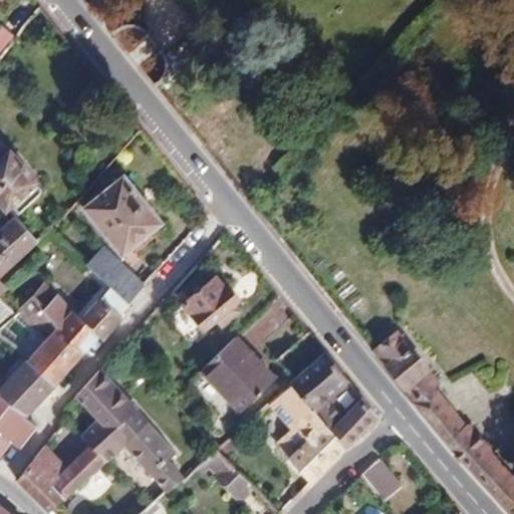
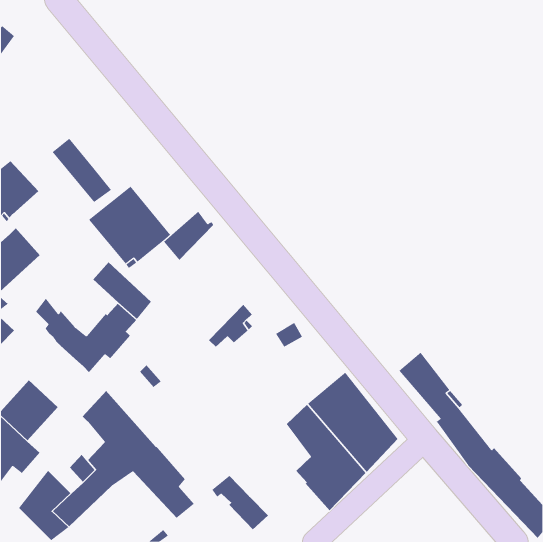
building: none -> [52,138,112,203]
building: [182,274,230,321] -> [163,211,214,261]
building: [14,294,84,384] -> none
building: [202,337,274,411] -> none
building: [361,458,402,502] -> none

